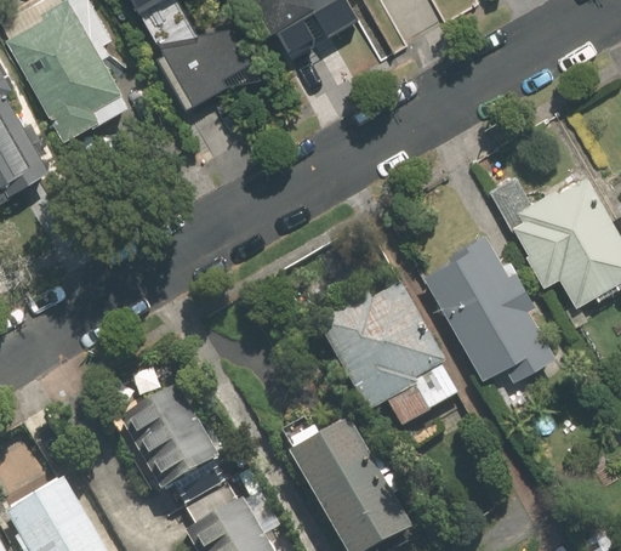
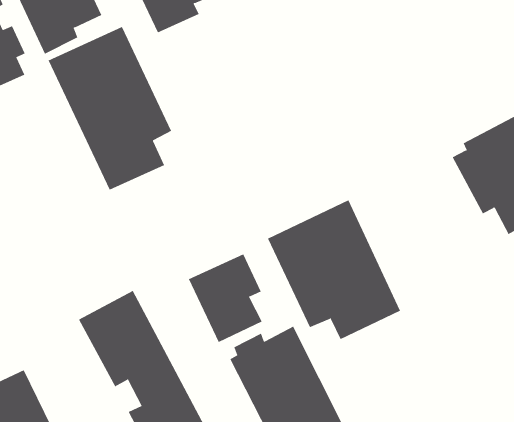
building: none -> [48,26,172,191]
building: [420,233,556,381] -> none
building: none -> [188,253,262,343]

